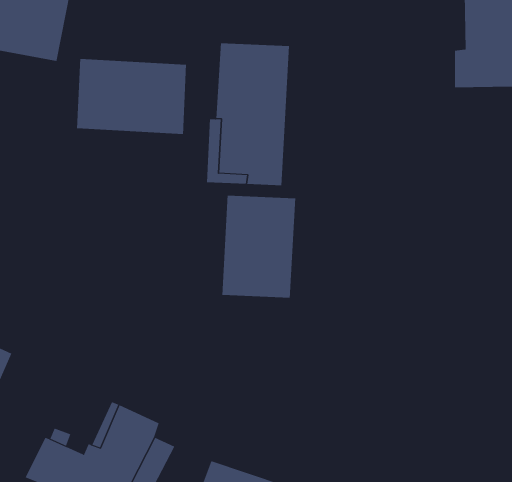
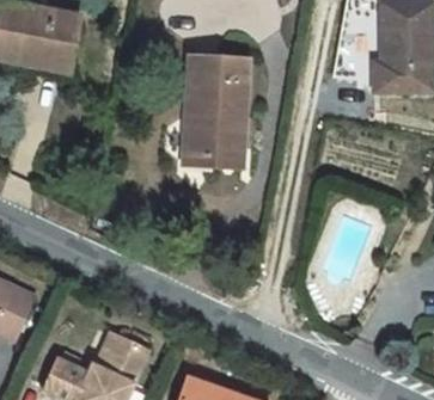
building: [77,58,187,135] -> none
building: [222,195,296,299] -> none

